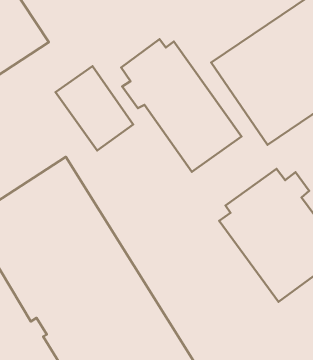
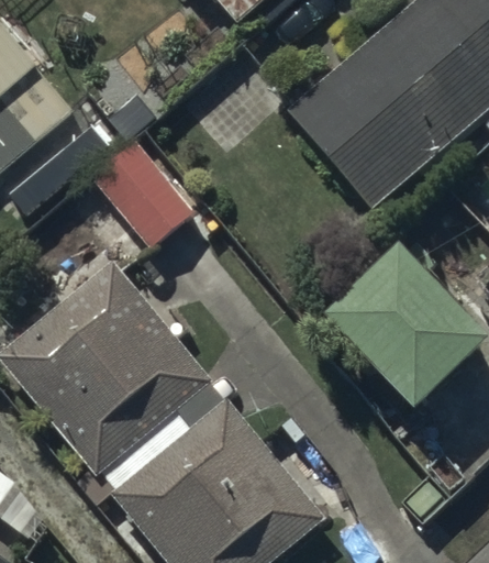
building: [121,39,242,172] -> none

